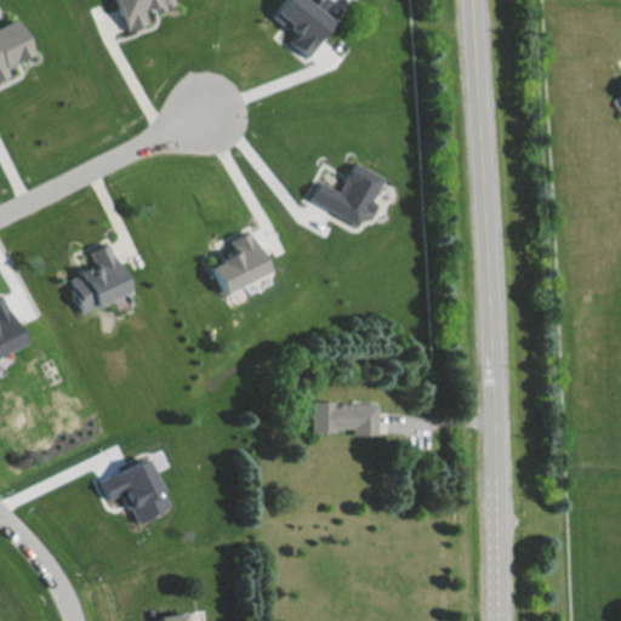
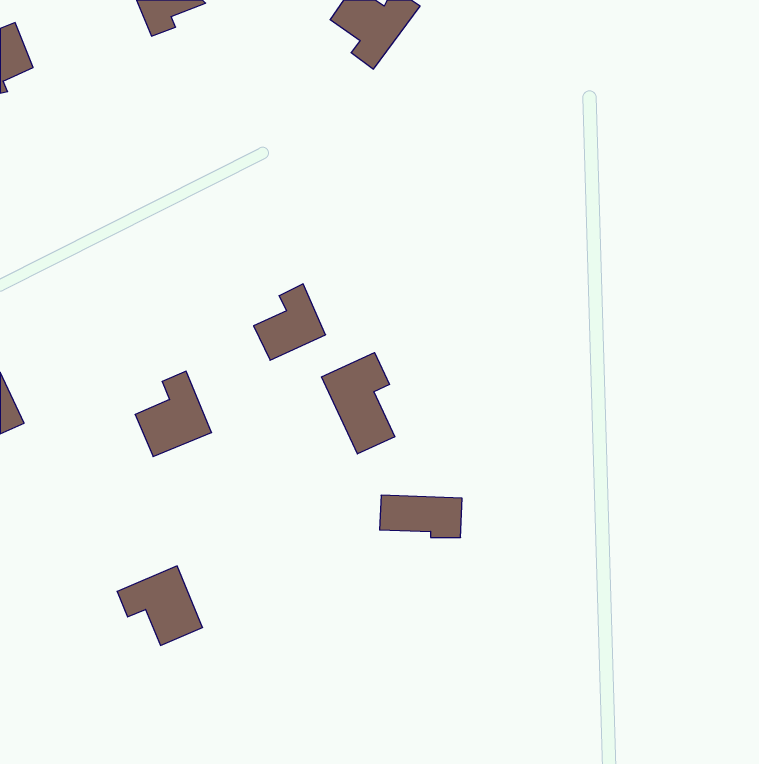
building: [309,164,384,224] -> none
building: [68,244,130,313] -> [135,371,212,457]
building: none -> [322,353,395,454]

